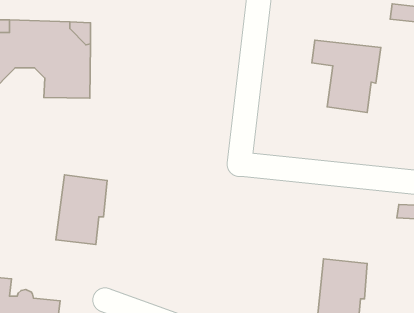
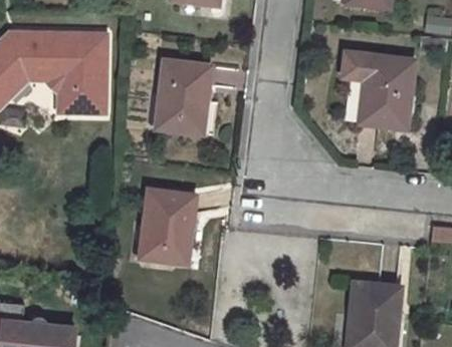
building: none -> [157,59,212,133]
building: [56,175,107,245] -> [142,190,196,263]

